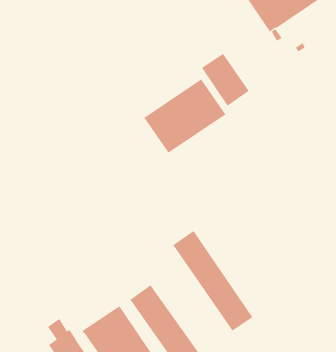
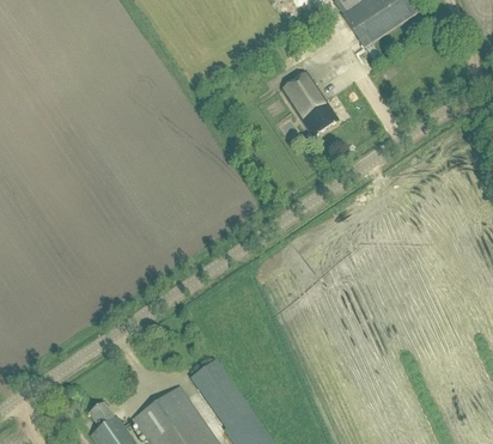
building: [144,79,226,154] -> none
building: [172,230,253,332] -> none

